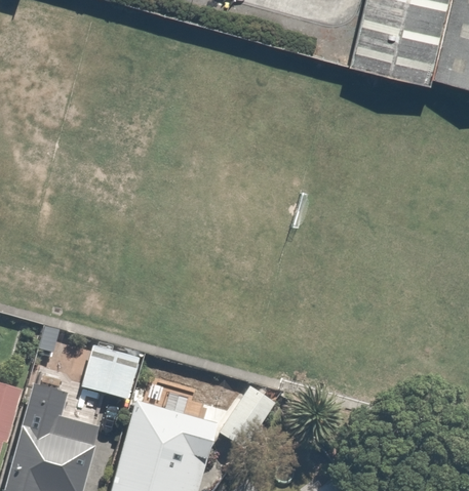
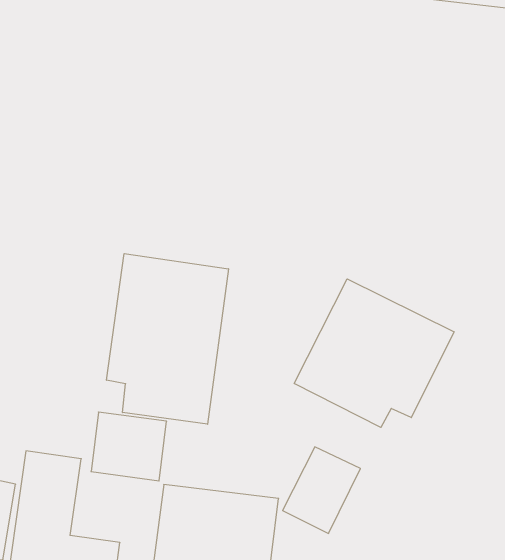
building: none -> [107,254,228,424]
building: none -> [294,279,454,427]

